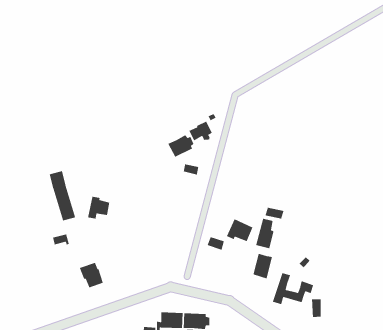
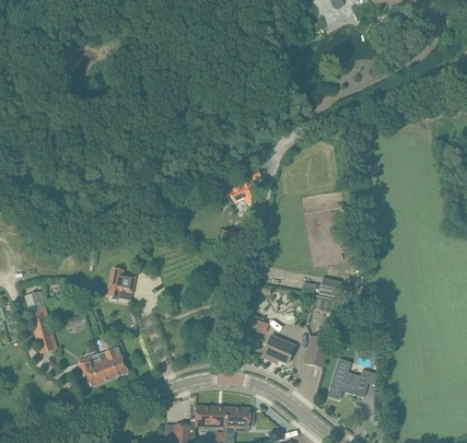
building: [167,134,195,158] -> none
building: [49,170,76,222] -> [24,291,57,352]
building: [226,218,254,242] -> [261,335,294,363]
building: none -> [81,353,109,385]

